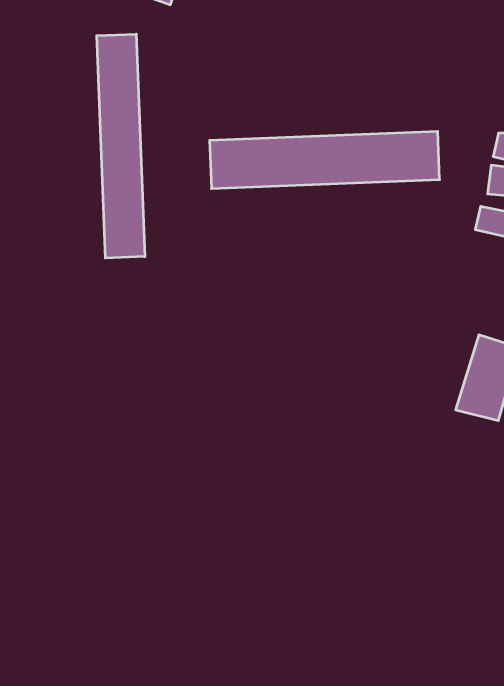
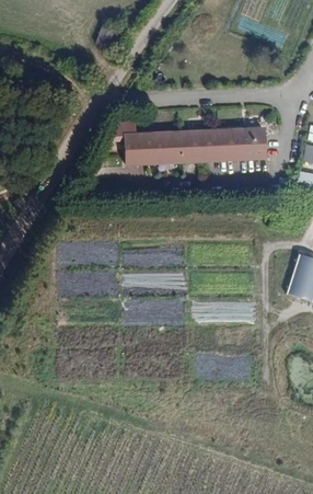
building: [97,34,145,258] -> none

